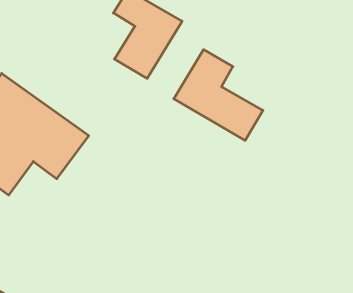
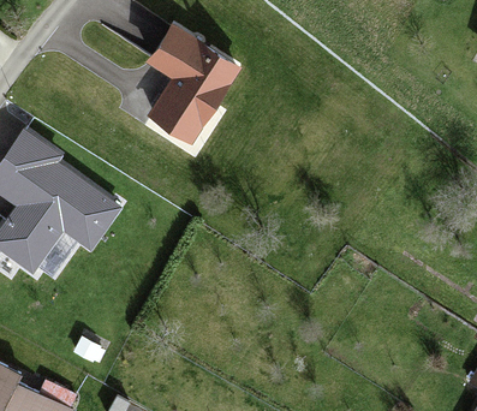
building: [174,50,263,140] -> none

